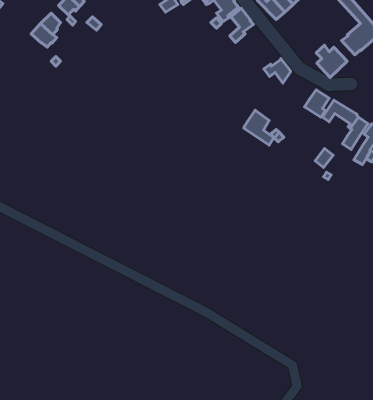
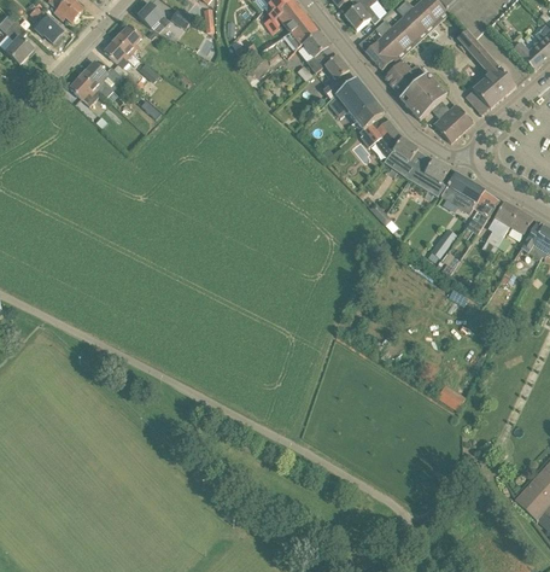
building: none -> [384,59,446,119]
building: none -> [328,75,385,127]
building: [244,110,274,145] -> [386,135,425,180]

